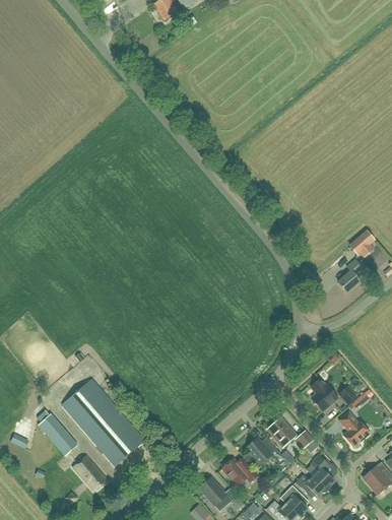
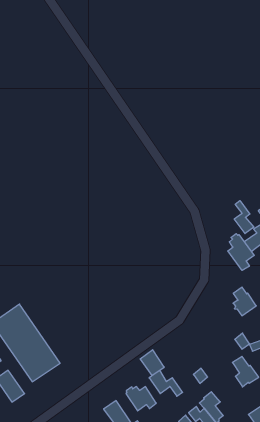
building: none -> [234,201,254,234]
building: none -> [228,234,254,270]
building: [311,378,338,410] -> [233,287,256,316]
building: [268,416,297,446] -> [140,350,164,376]

